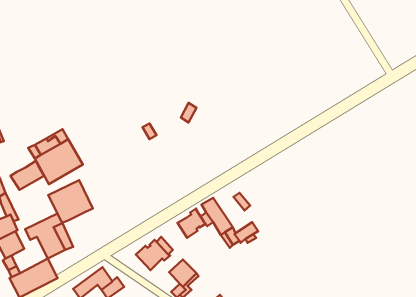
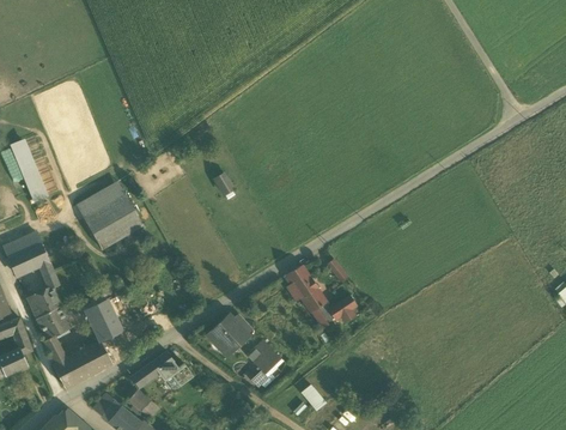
building: [11,161,44,190] -> none
building: [48,180,93,223] -> none
building: [178,208,205,238] -> none

